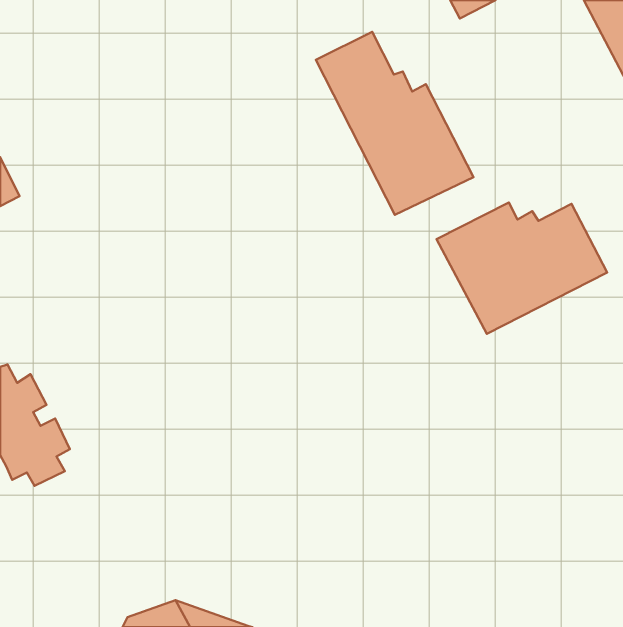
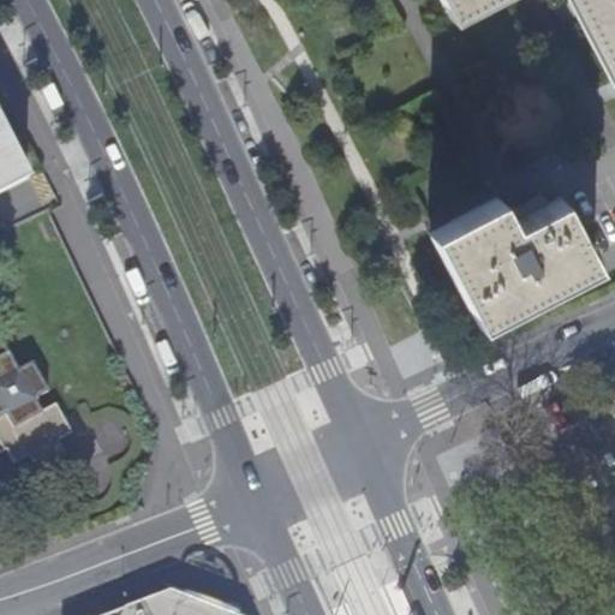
building: [316,32,474,215] -> none

